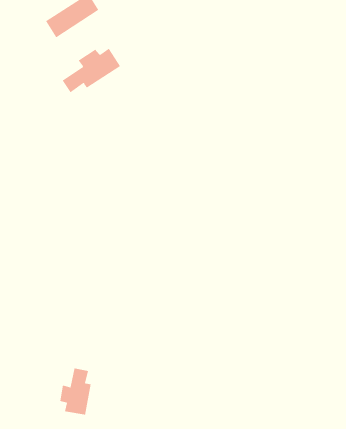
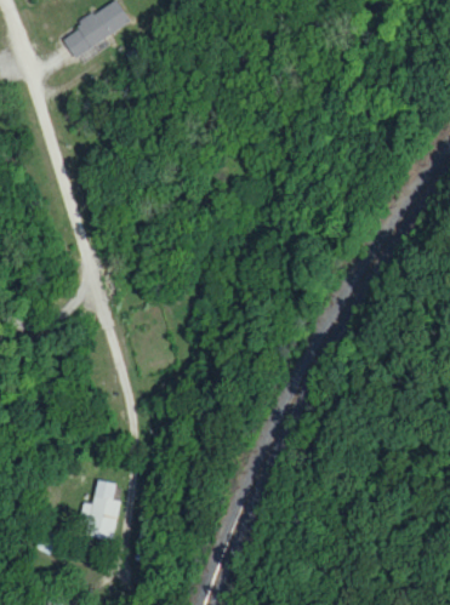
building: [62,48,121,93] -> none

